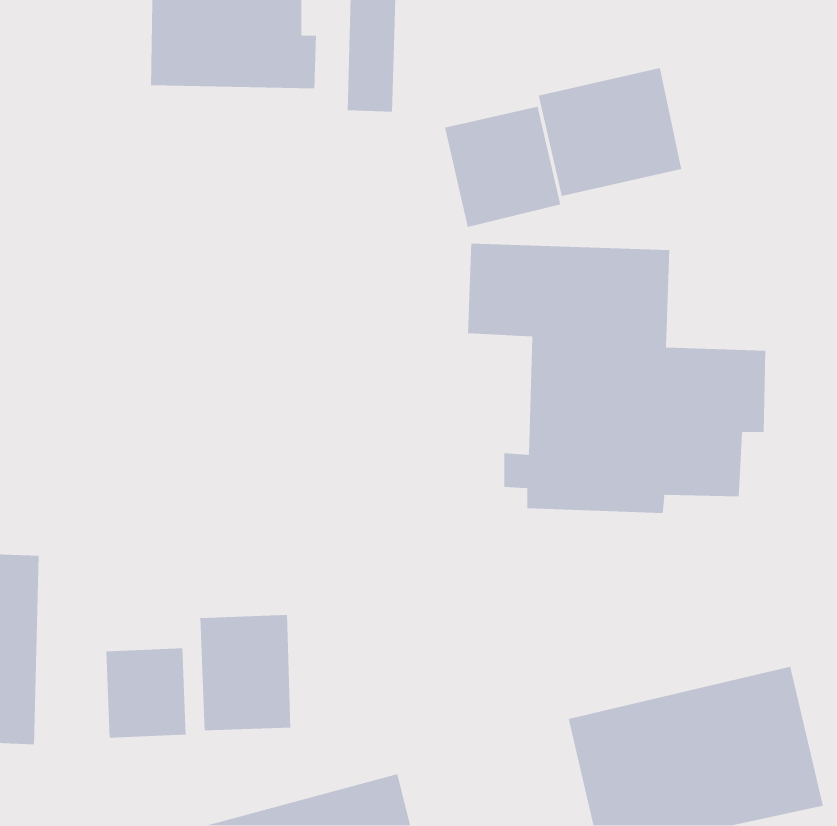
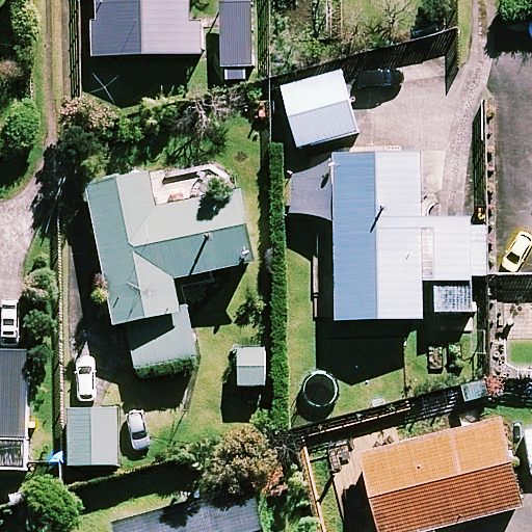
building: [538,67,682,197] -> none
building: none -> [87,177,251,366]
building: [200,614,291,731] -> none

